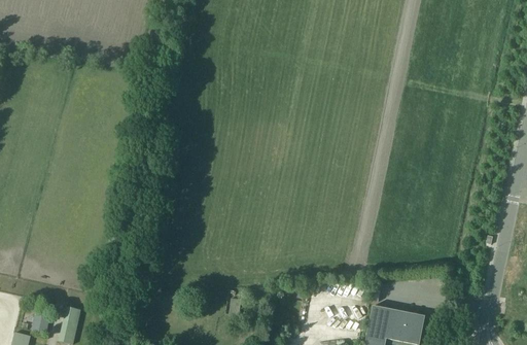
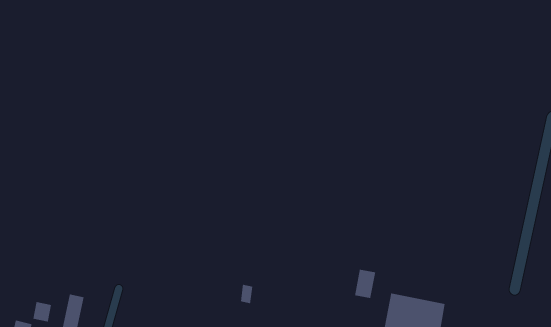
building: none -> [354,269,376,299]

